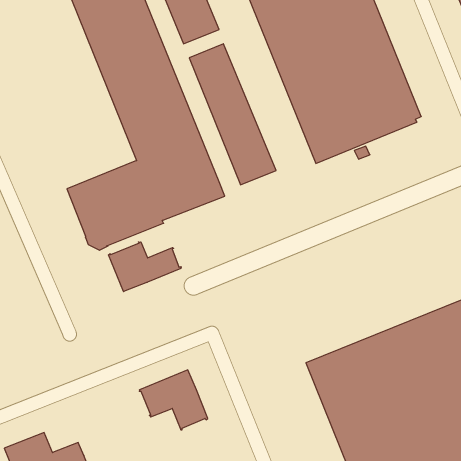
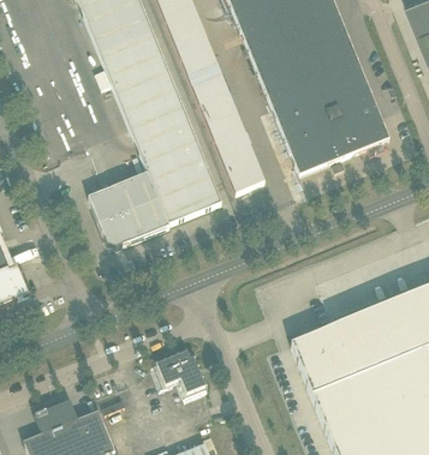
building: [109,242,181,292] -> none

